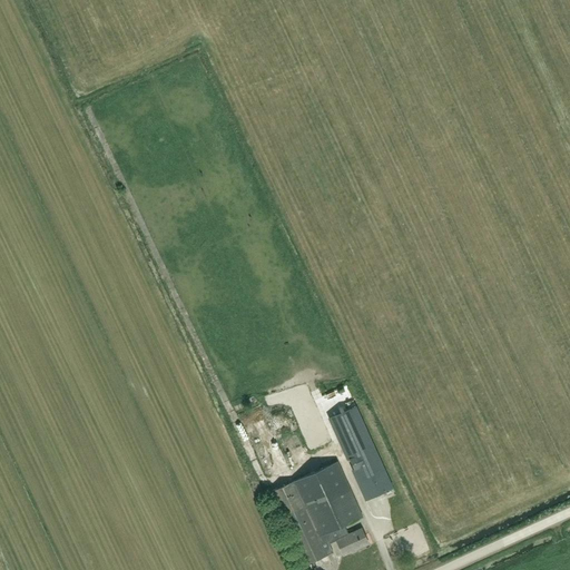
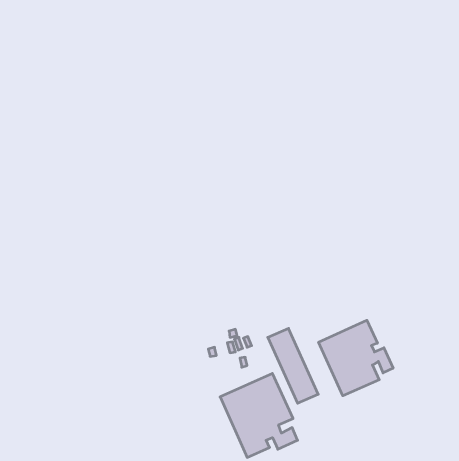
building: none -> [319,320,393,396]

